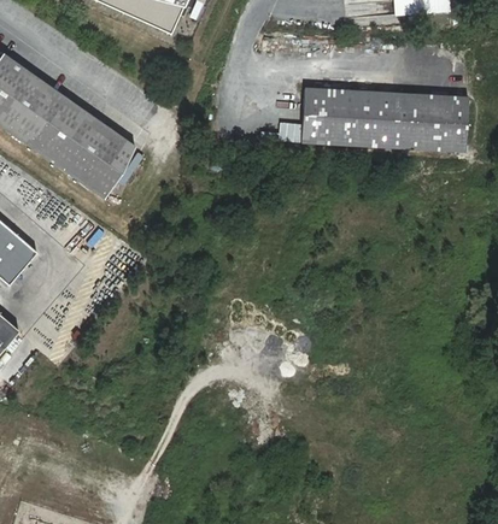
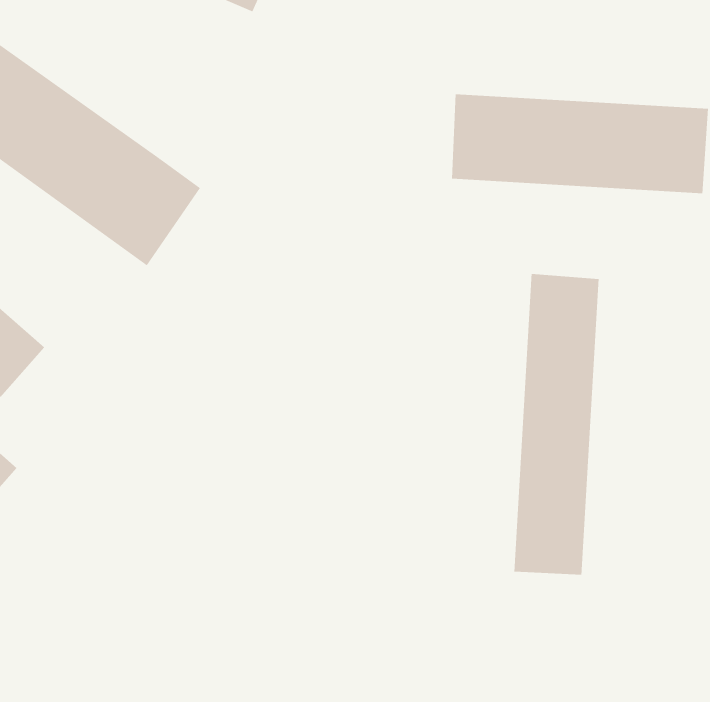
building: none -> [514,273,599,575]

